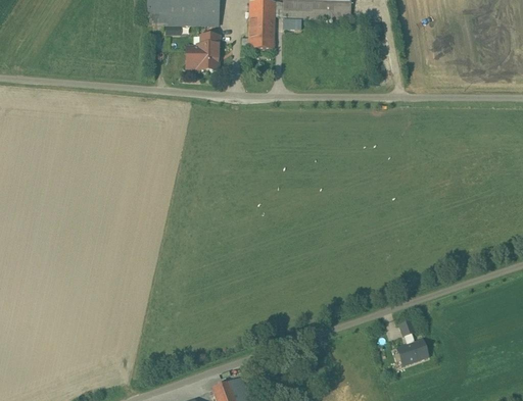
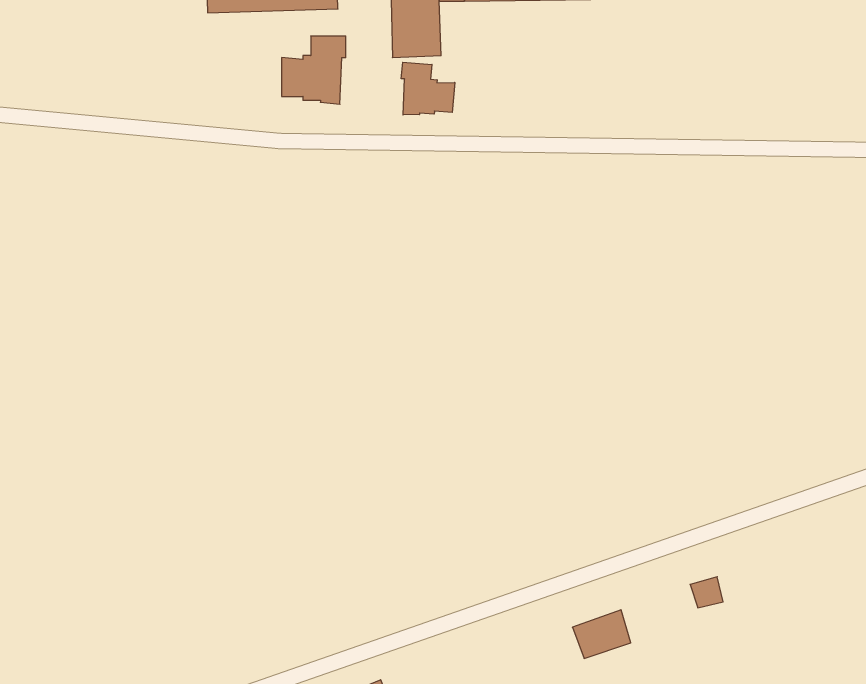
building: none -> [401,62,455,115]
building: [399,343,430,368] -> [572,610,631,658]

